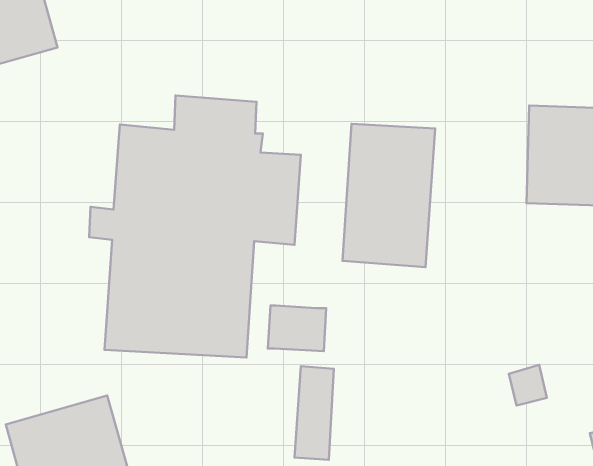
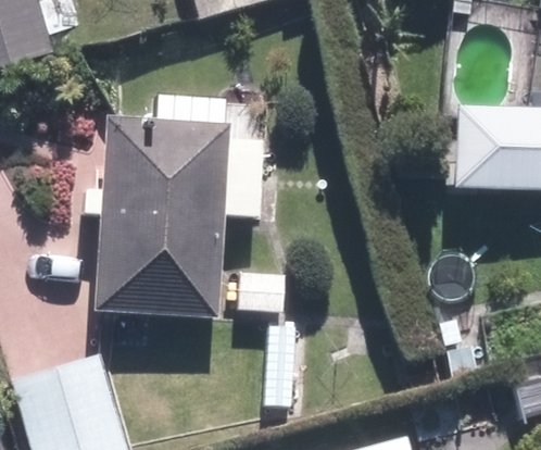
building: [342,124,435,267] -> none

